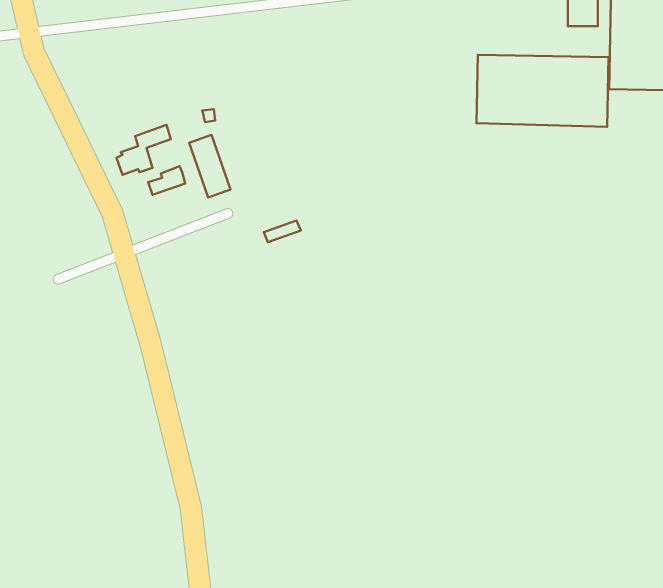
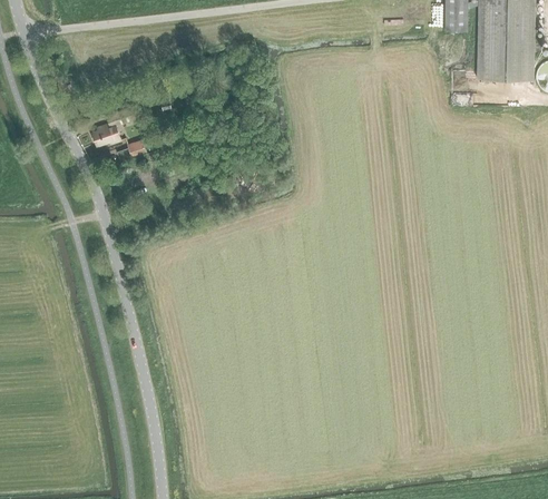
building: [476,55,608,127] -> none
building: [189,135,230,197] -> none

